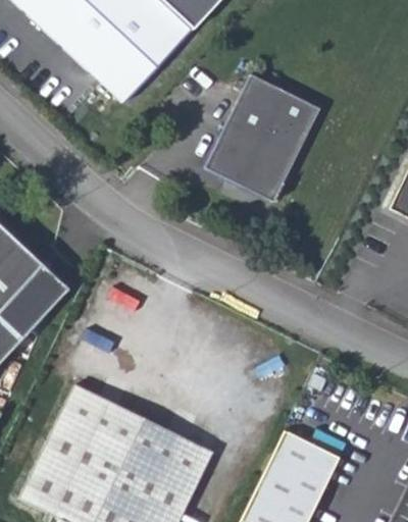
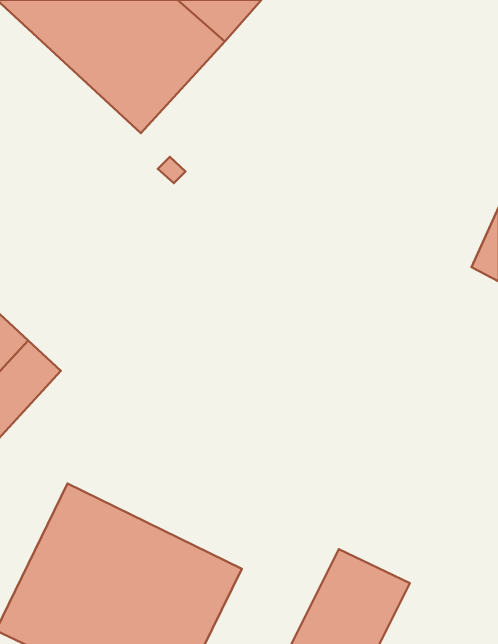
building: [204,74,321,204] -> none

